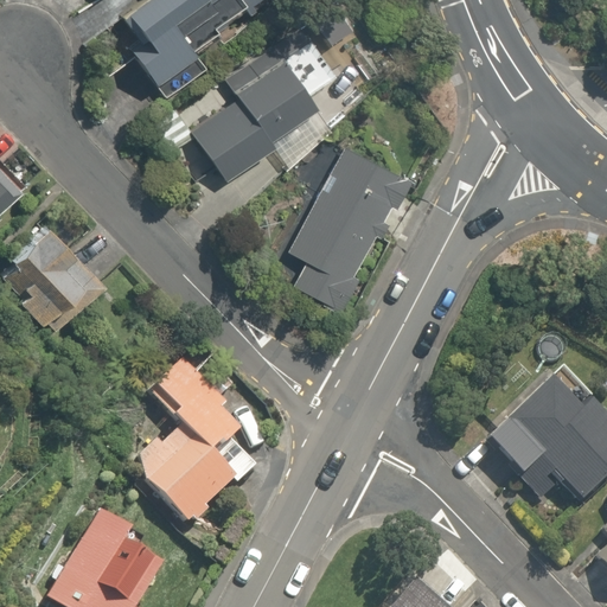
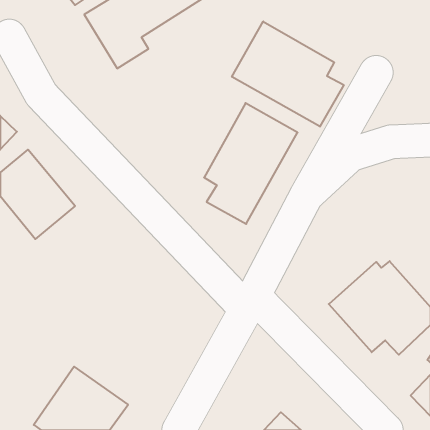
building: none -> [232,21,344,127]
building: [185,44,333,181] -> none
building: [143,358,269,536] -> none

